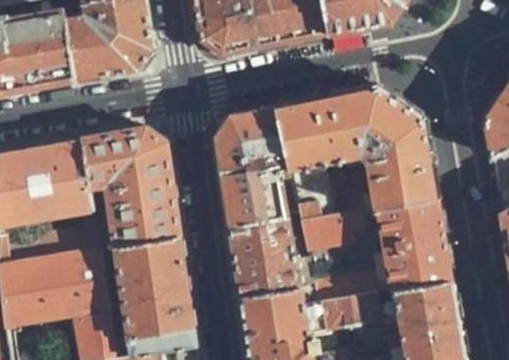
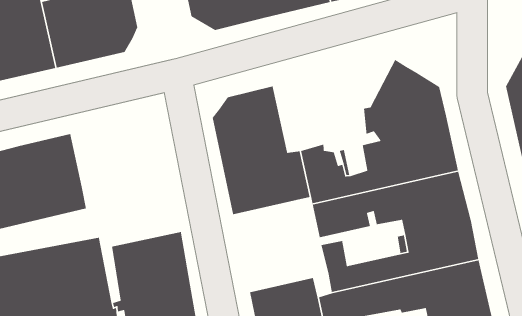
building: [272,85,385,173] -> none
building: [83,131,180,248] -> none
building: [228,216,313,297] -> none

